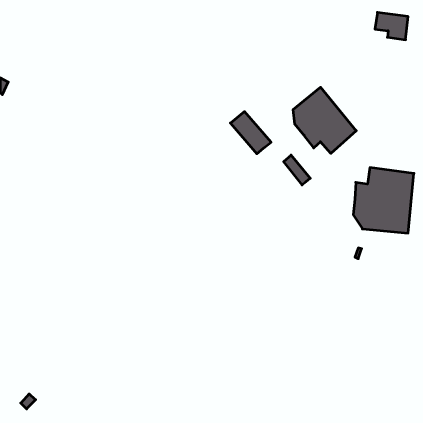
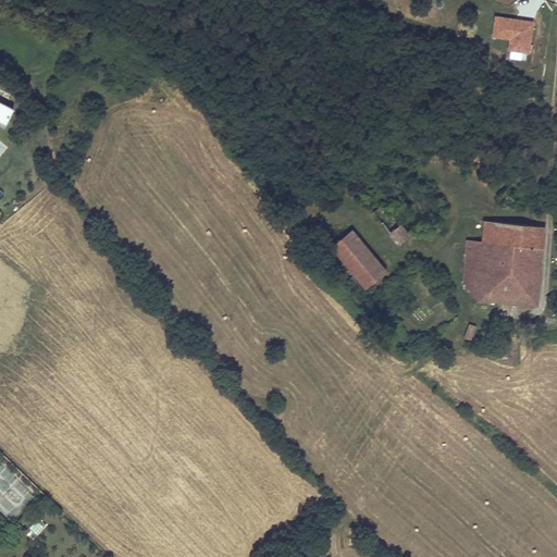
building: [293,87,356,153] -> none
building: [230,112,271,154] -> [332,232,385,287]

